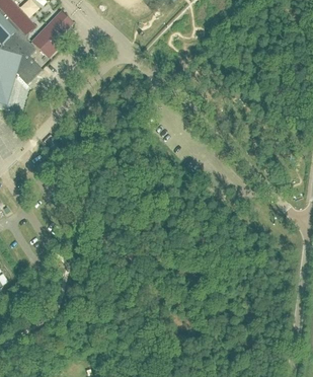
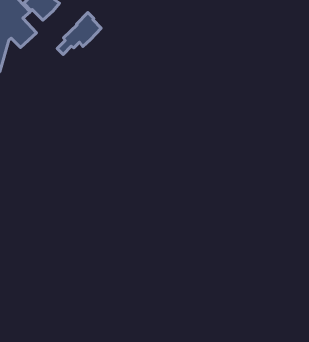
building: none -> [57,13,101,54]

